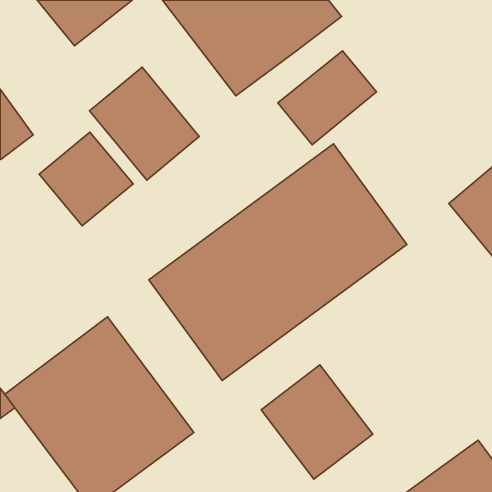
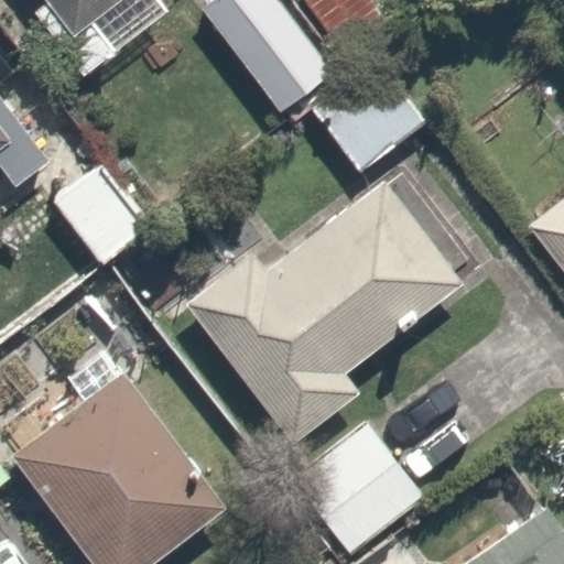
building: [90,67,199,180] -> none

